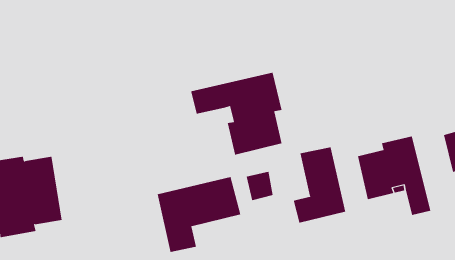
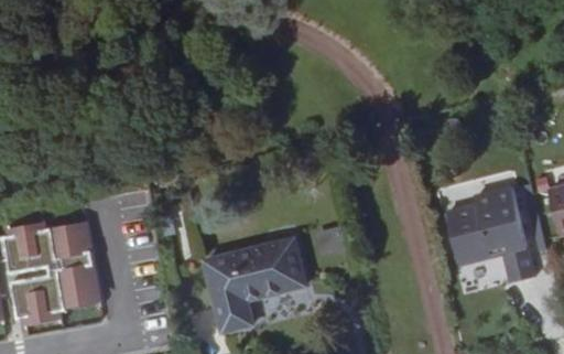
building: [191,72,282,155] -> none
building: [293,147,346,224] -> none

